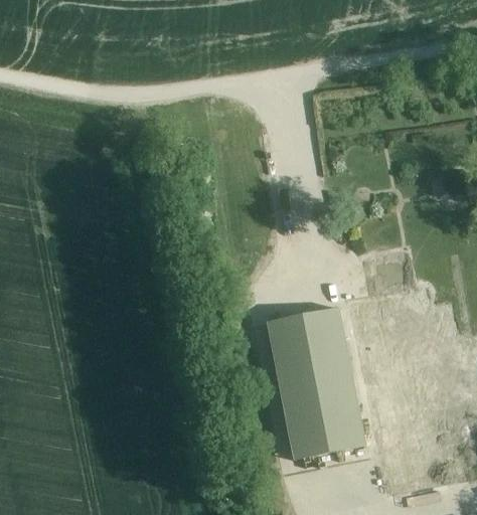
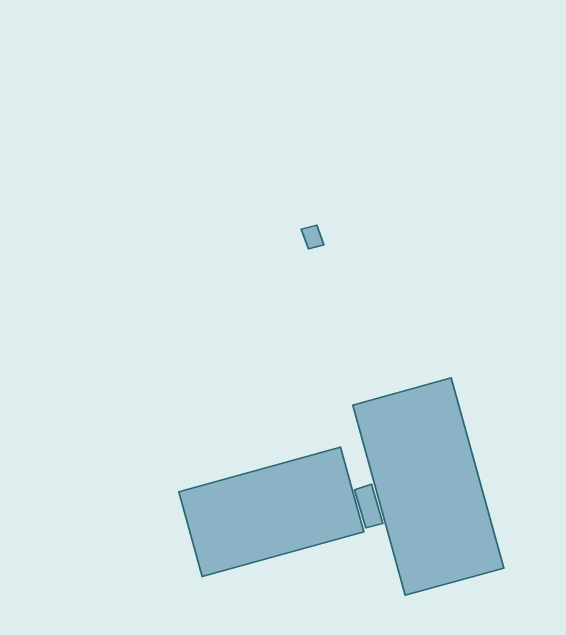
building: none -> [179,447,364,577]

